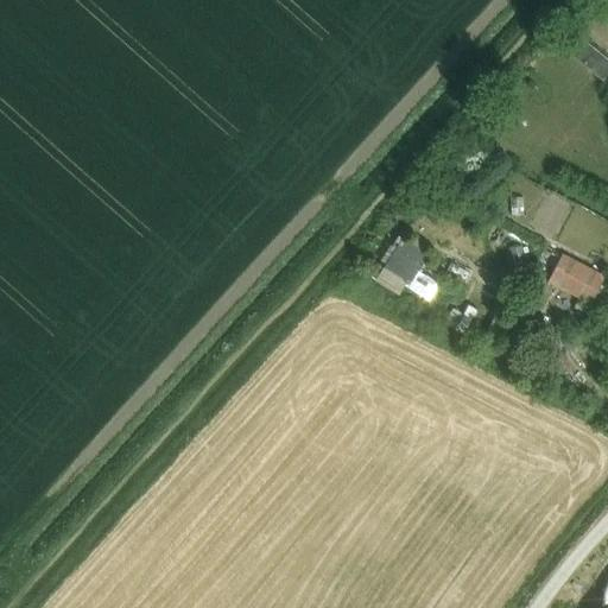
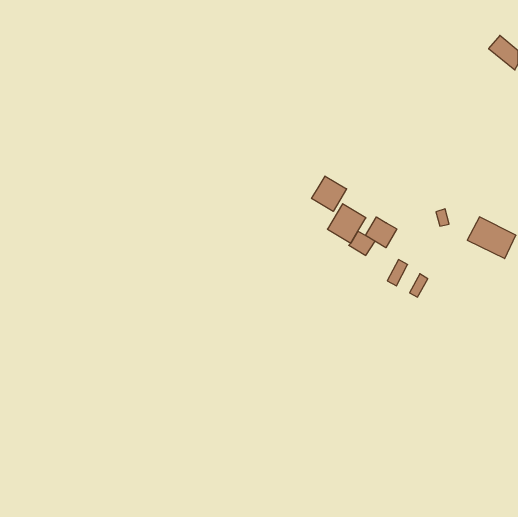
building: none -> [312,176,347,211]
building: none -> [366,217,397,248]

